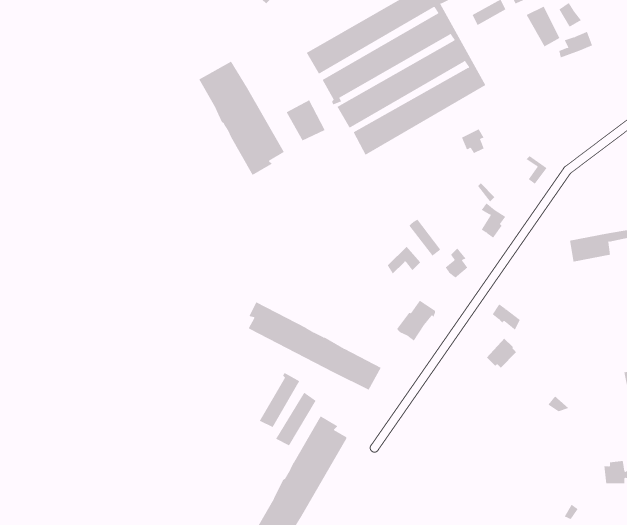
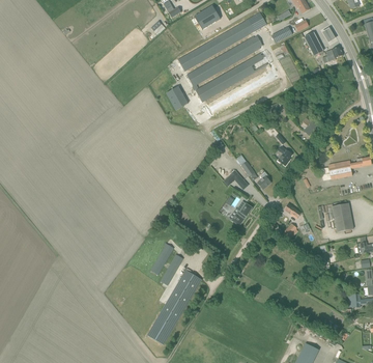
building: [198,61,284,176] -> none
building: [248,301,381,391] -> none
building: none -> [332,201,353,231]

